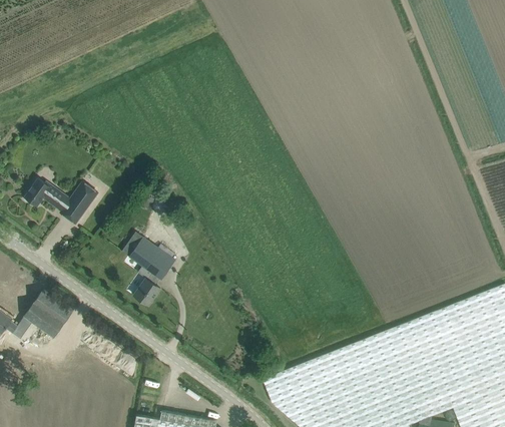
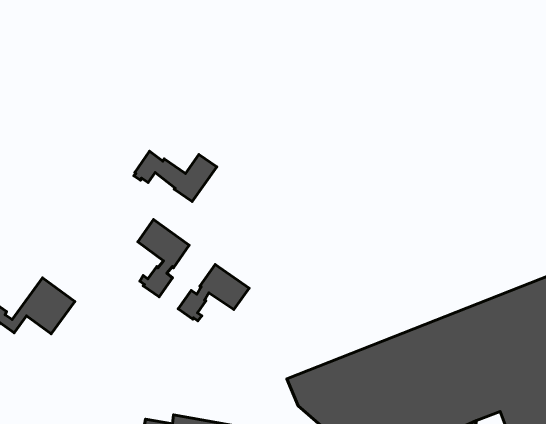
building: [24,179,98,225] -> [134,151,217,202]
building: none -> [178,265,249,321]

